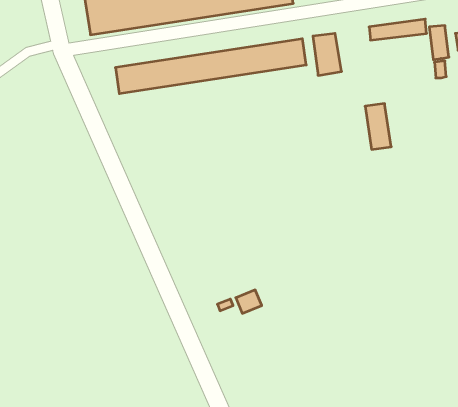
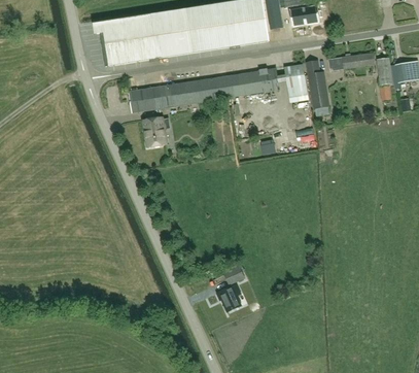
building: none -> [143,117,169,147]
building: [365,104,391,149] -> [308,71,328,107]
building: none -> [216,284,241,312]

